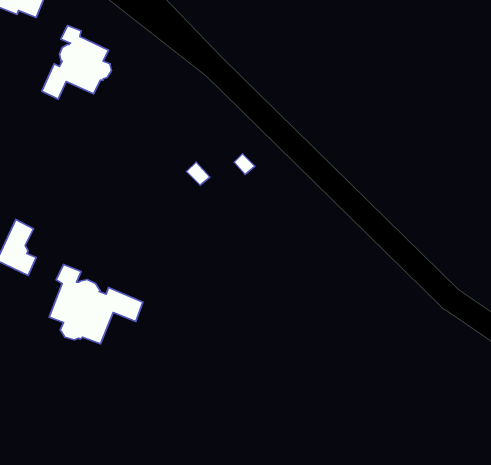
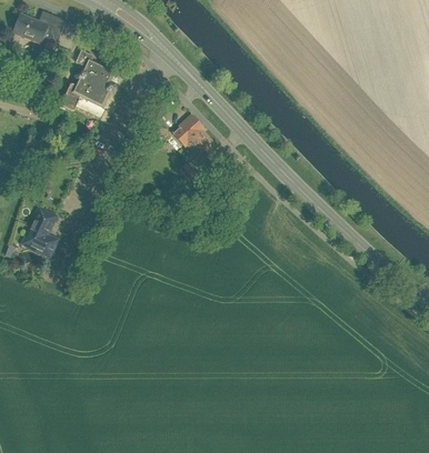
building: none -> [172,114,217,160]
building: [49,265,143,344] -> none

